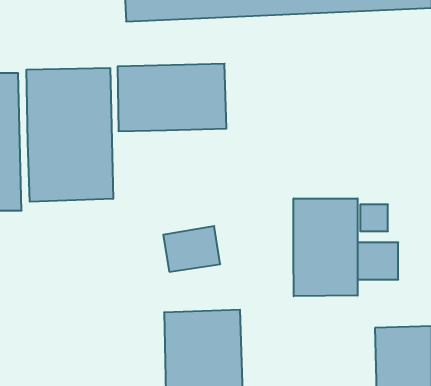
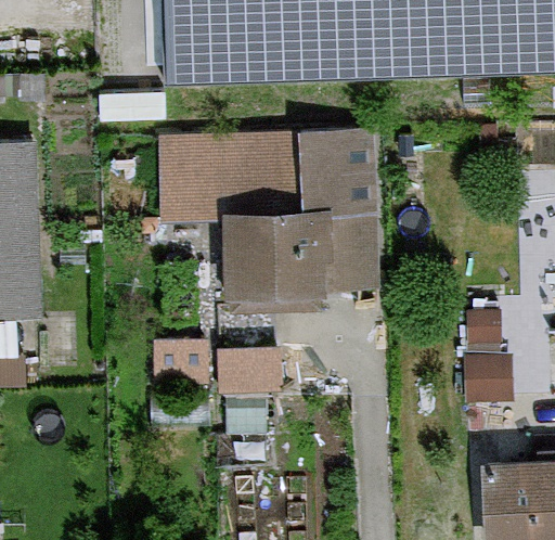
building: none -> [221,131,376,310]
building: [27,68,113,202] -> none
building: [293,198,358,296] -> none

